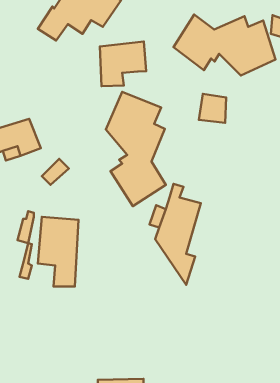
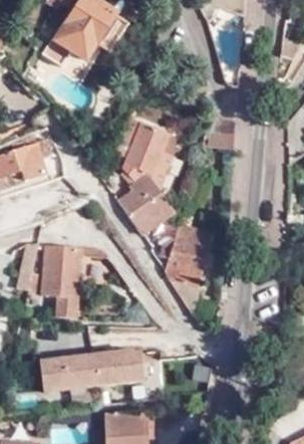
building: [174,14,275,76] -> none
building: [100,41,146,86] -> none
building: none -> [36,346,142,387]

